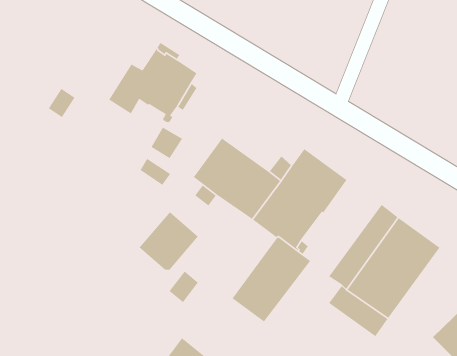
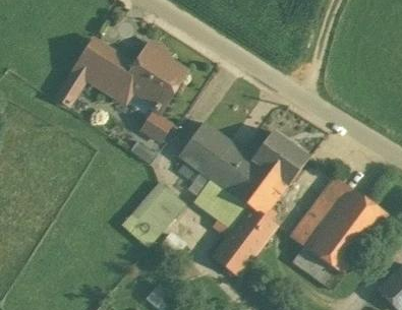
building: none -> [74,38,126,89]

